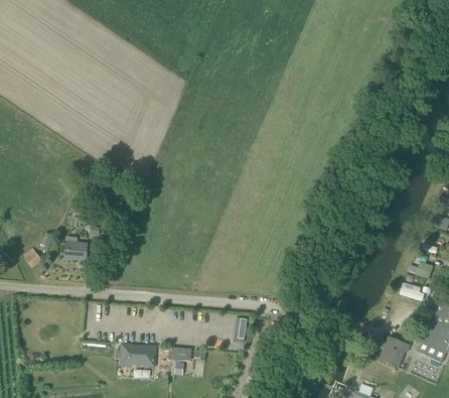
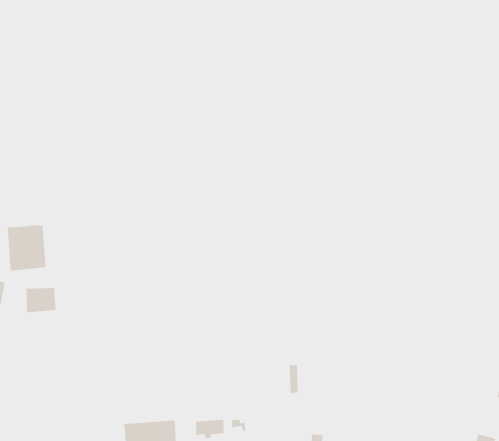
building: none -> [7,224,46,271]

